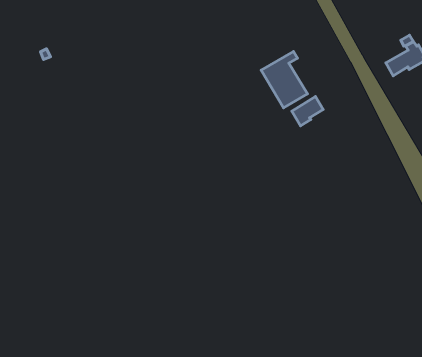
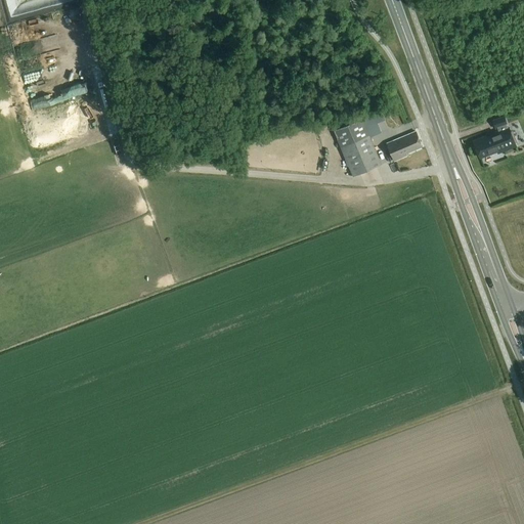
building: [292,97,323,126] -> [386,132,421,162]

